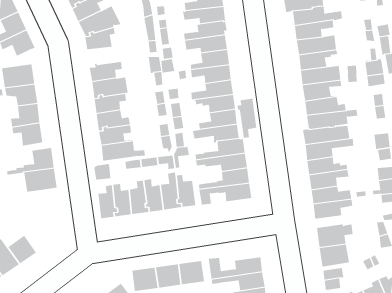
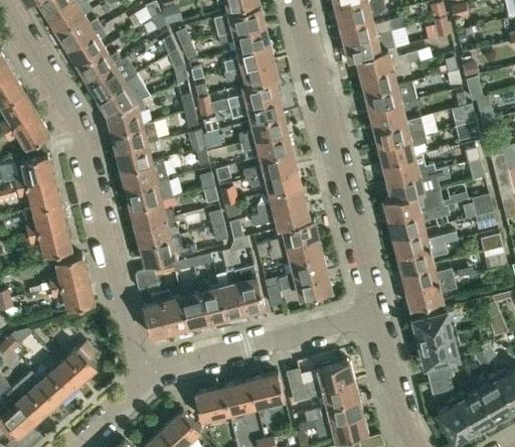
building: none -> [112,123,158,153]
building: [237,98,257,139] -> none
building: none -> [59,342,97,386]

